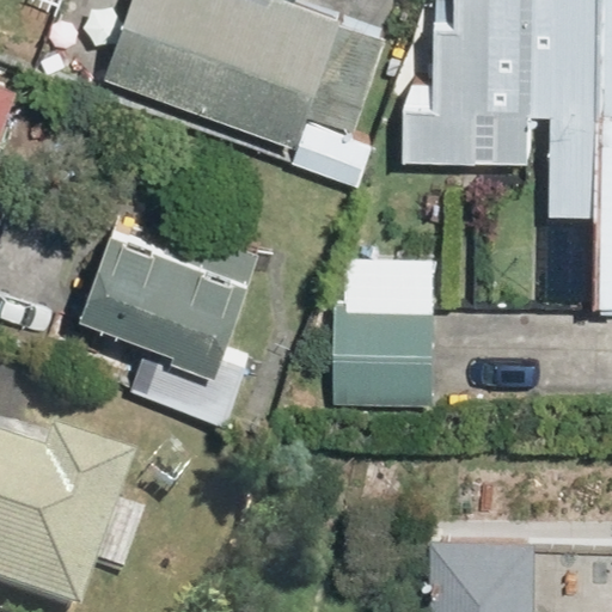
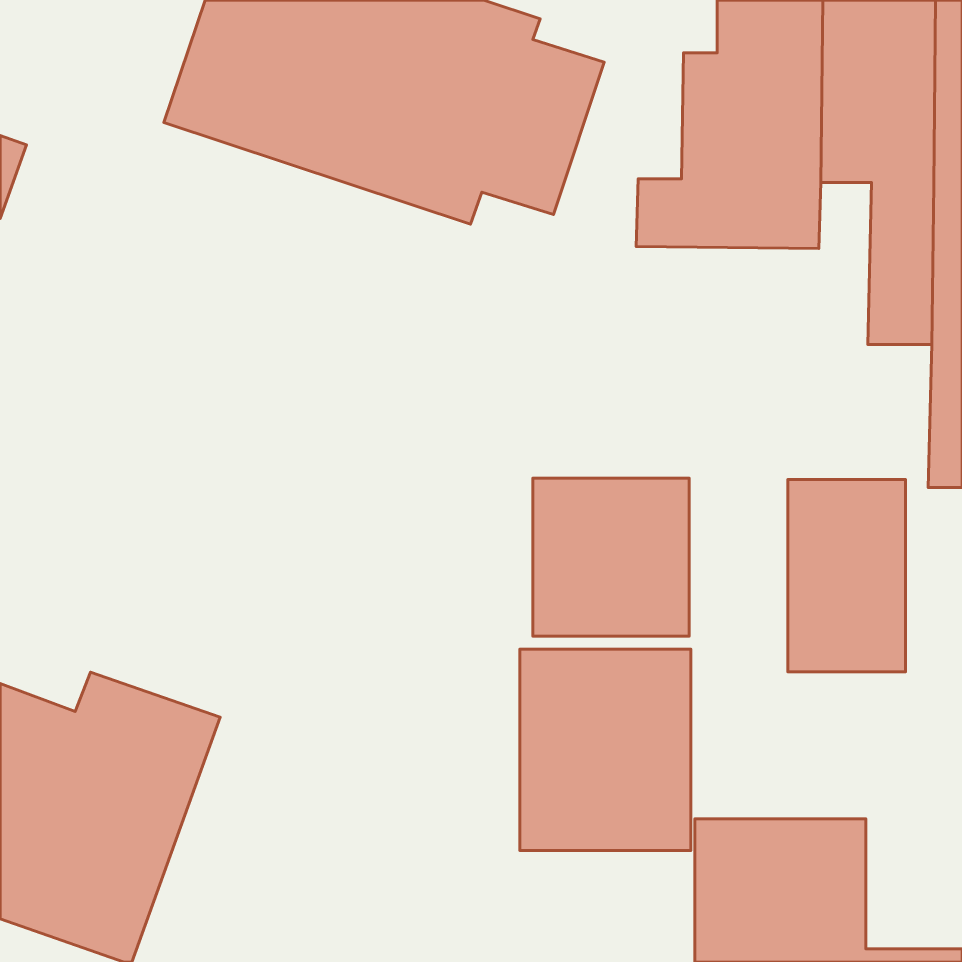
building: [72,239,250,387] -> none
building: none -> [788,480,906,672]
building: none -> [520,649,691,851]

